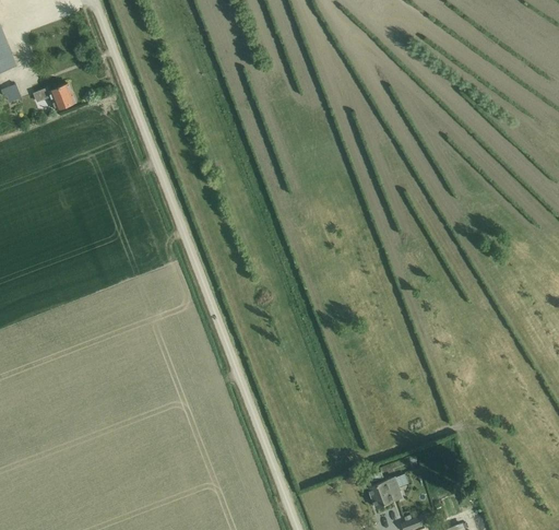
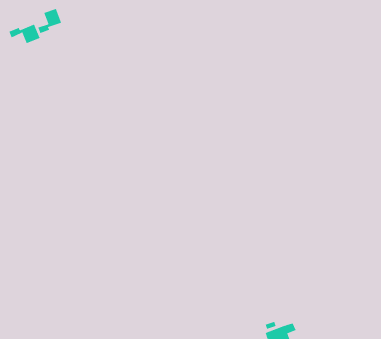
building: none -> [37,8,62,34]

